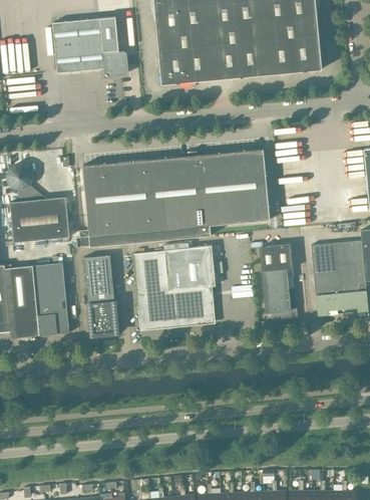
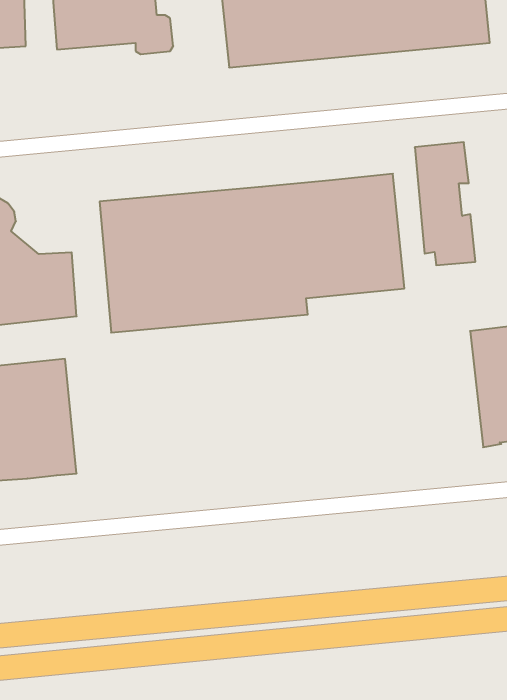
building: [260,244,297,319] -> [415,142,475,265]
building: [133,245,216,328] -> none
building: [84,254,120,337] -> none

